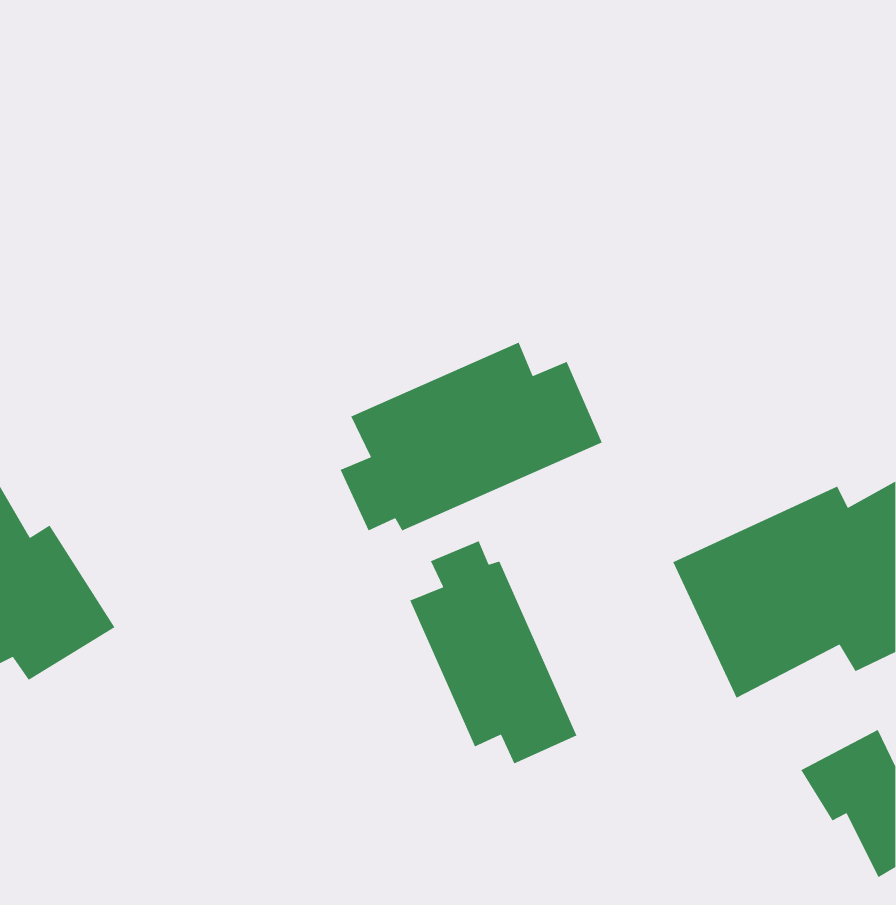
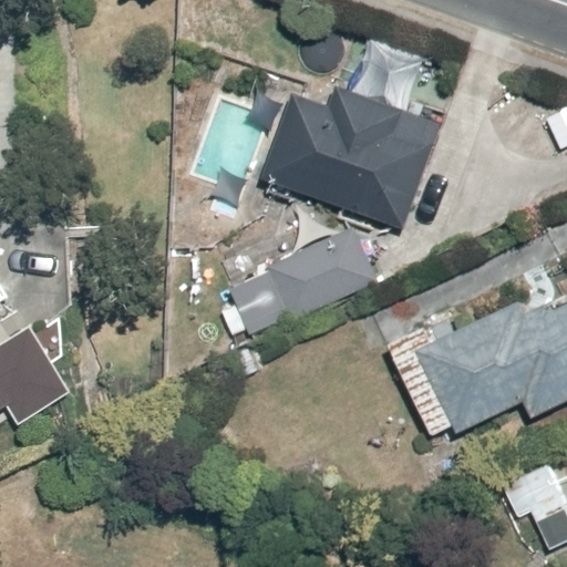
building: none -> [262,87,441,230]
building: [409,540,577,765] -> none

